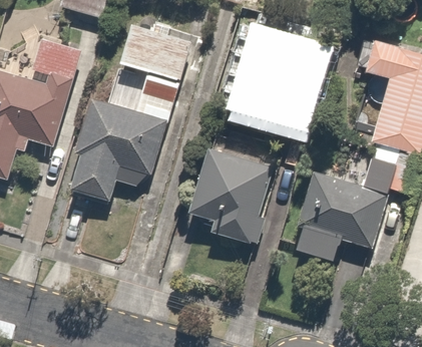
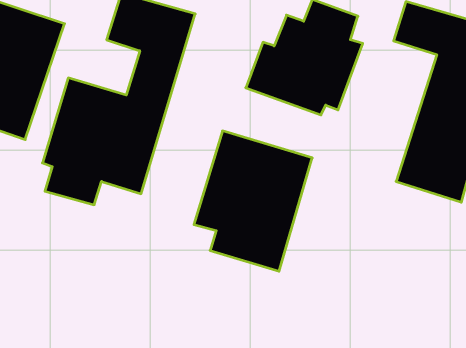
building: [294,170,389,260] -> none

